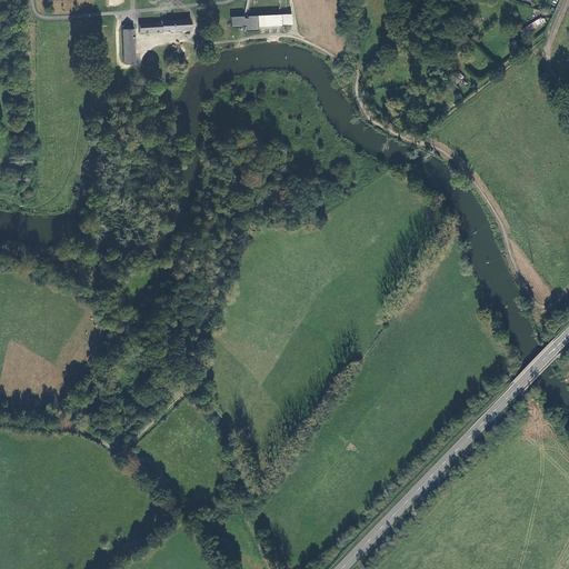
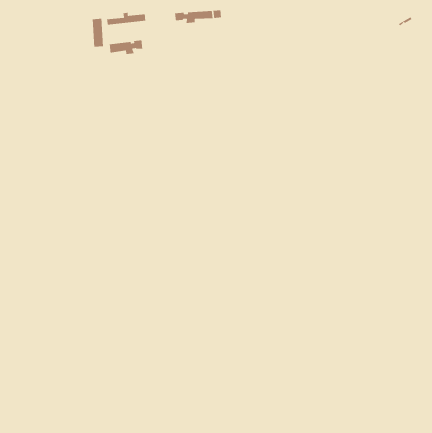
building: none -> [109,40,143,55]

